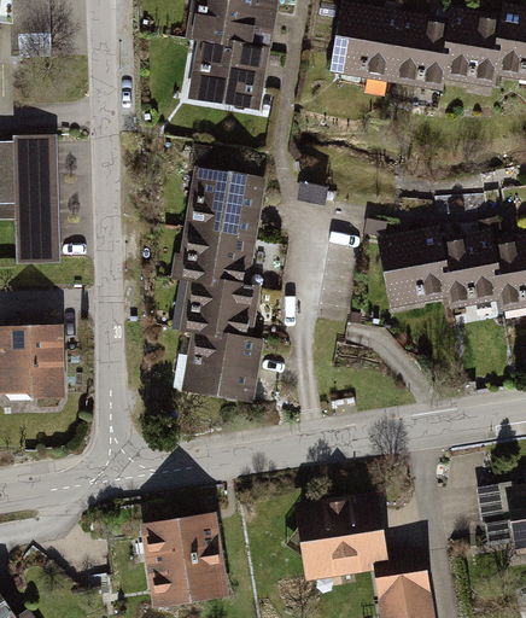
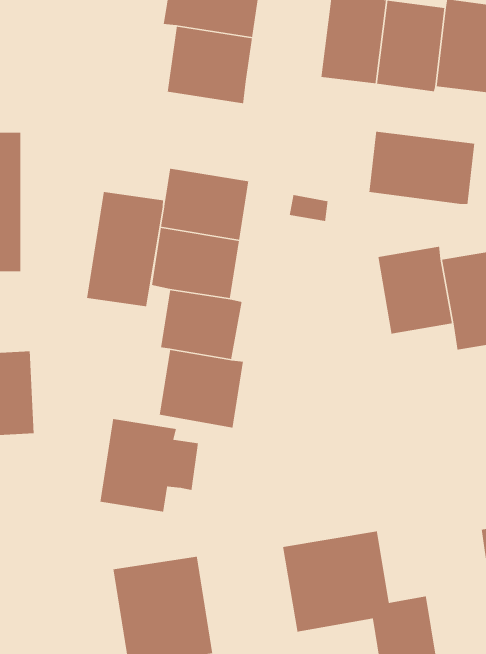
building: none -> [369,131,475,205]
building: none -> [86,191,164,307]
building: none -> [100,418,199,512]

